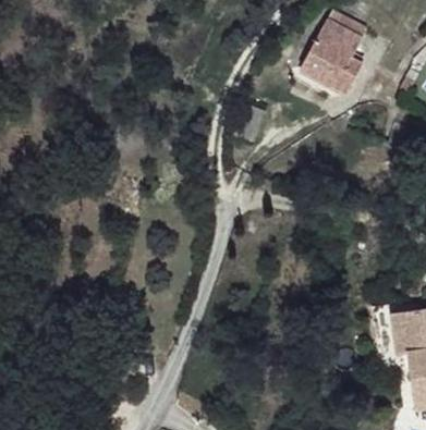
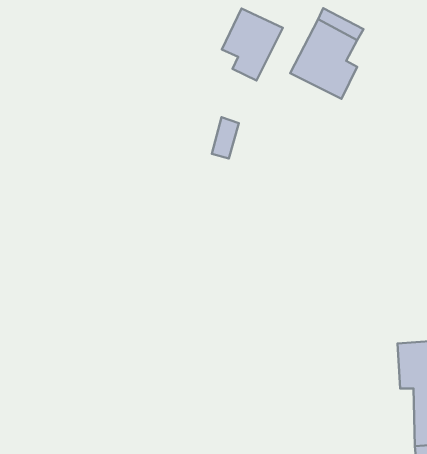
building: none -> [222,8,283,81]

